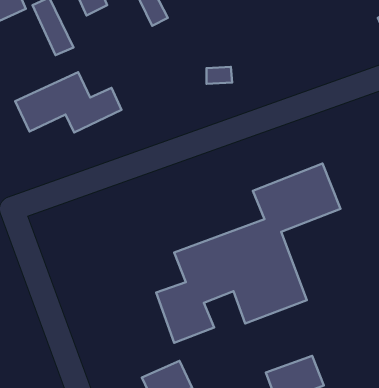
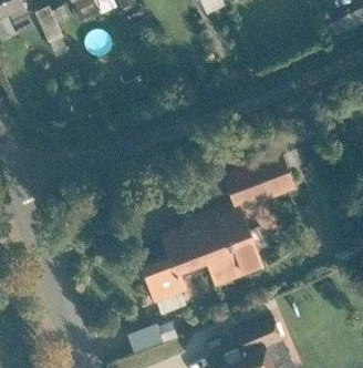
building: [15,72,121,132] -> none

